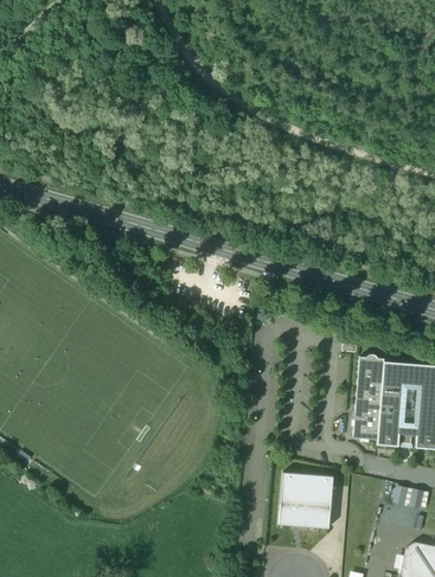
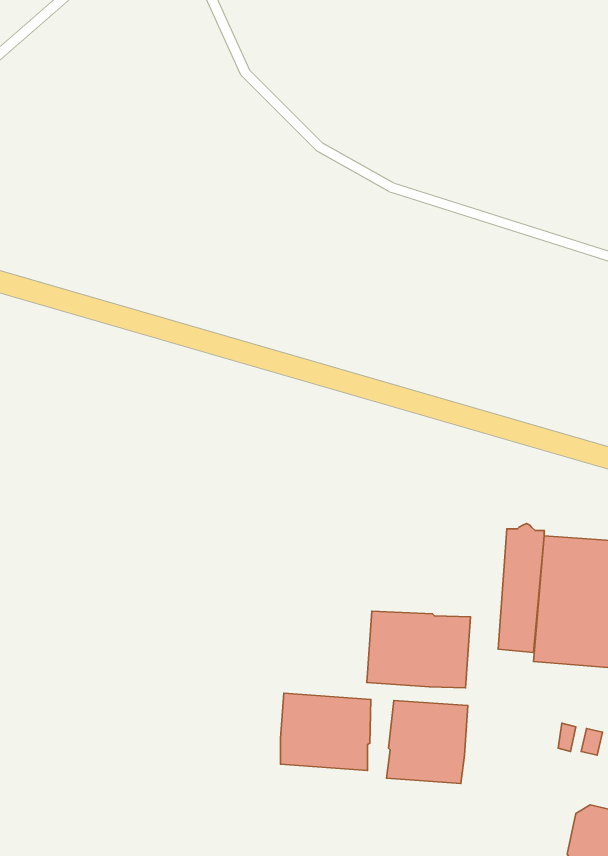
building: none -> [367,611,471,688]
building: none -> [280,693,371,770]

